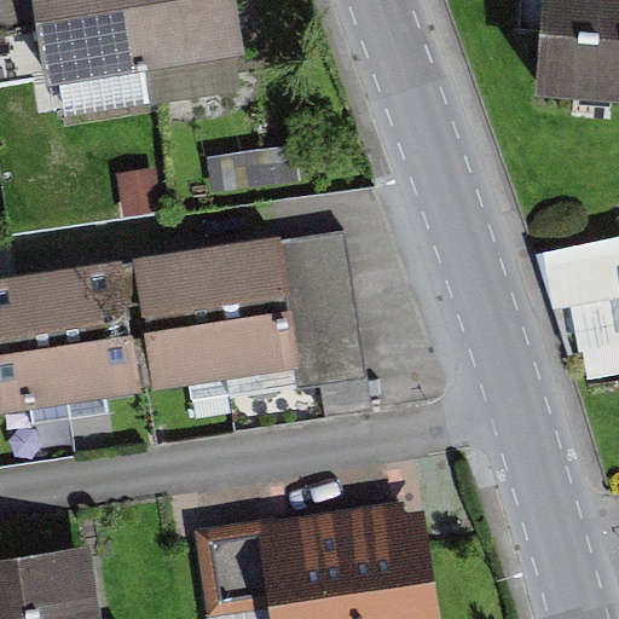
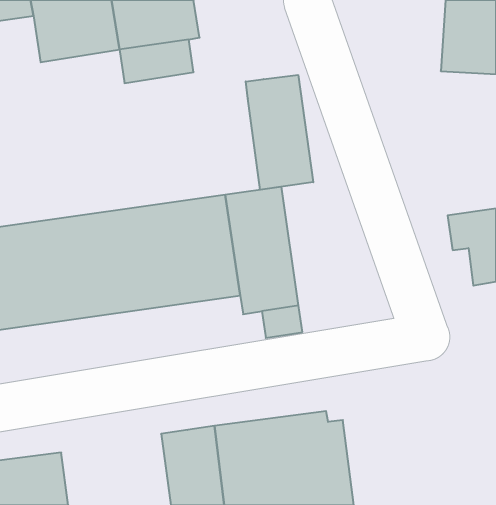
building: none -> [246,75,313,190]

